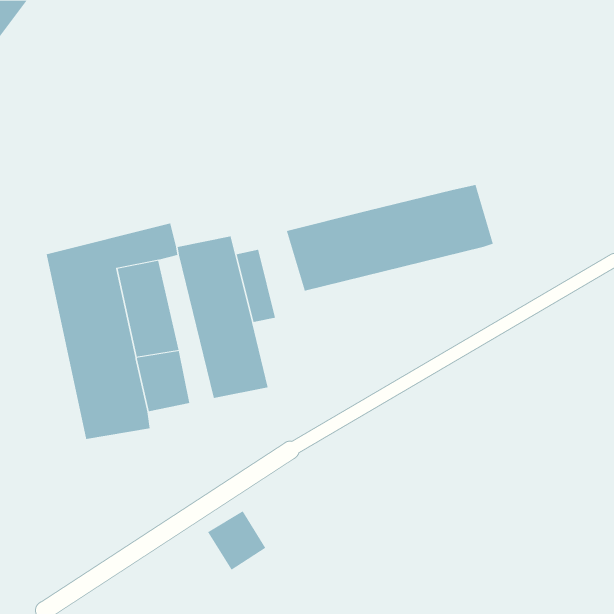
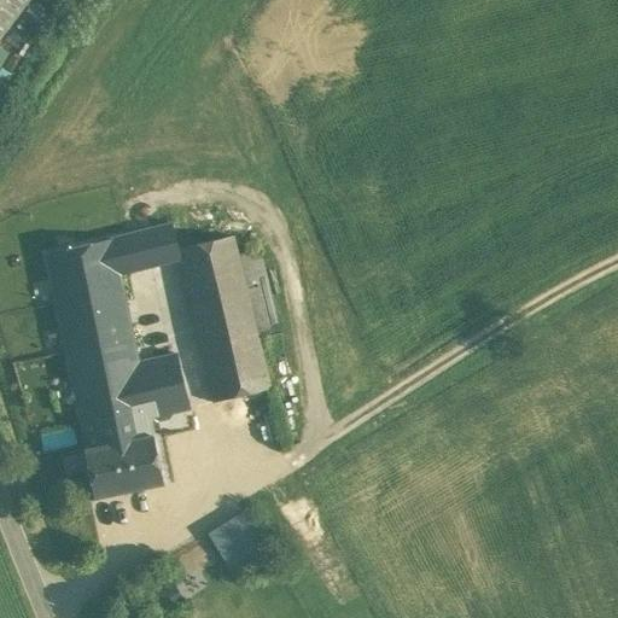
building: [286,184,494,291] -> none
building: none -> [83,431,161,491]

